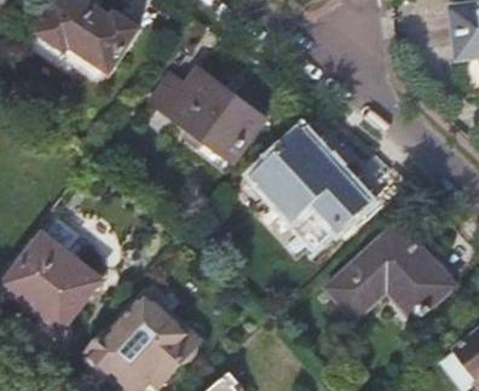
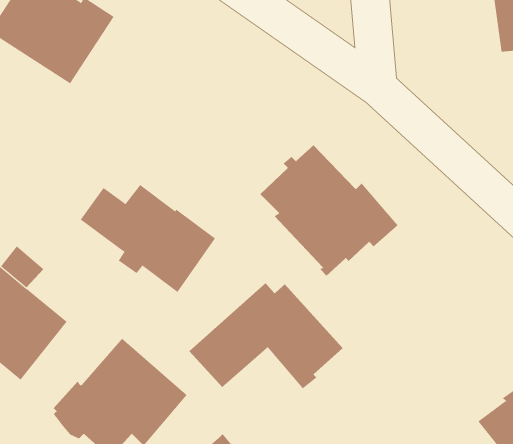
building: [150,70,262,160] -> [80,184,216,293]
building: [327,230,455,318] -> [188,282,344,389]

